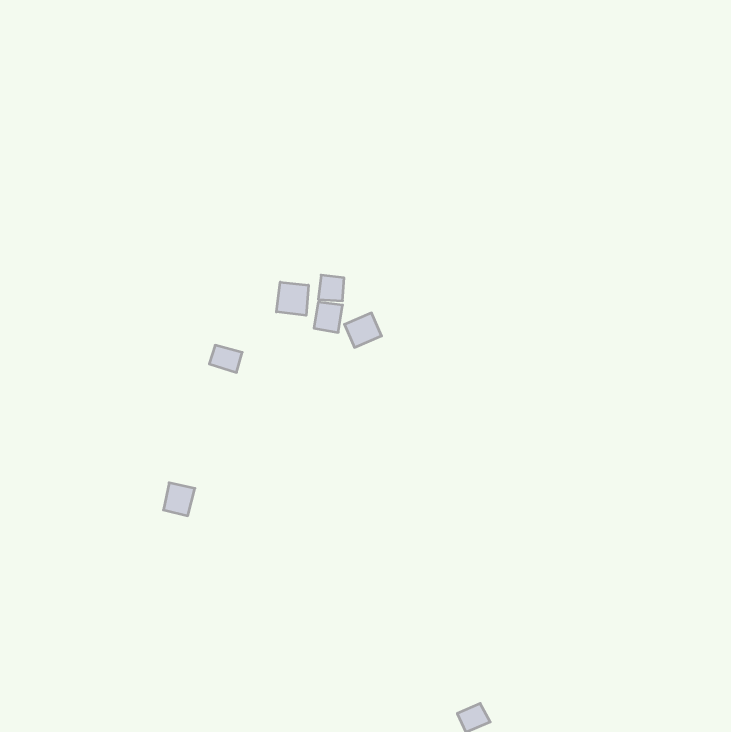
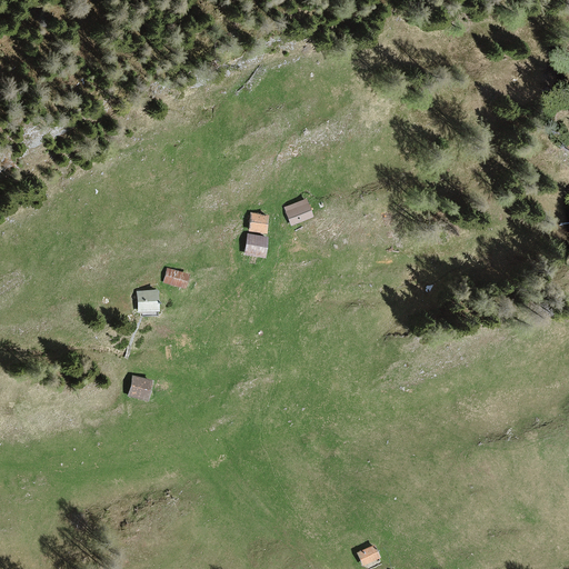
building: [276,282,308,315] -> none
building: [344,313,382,347] -> [284,199,313,226]
building: none -> [137,290,160,312]

